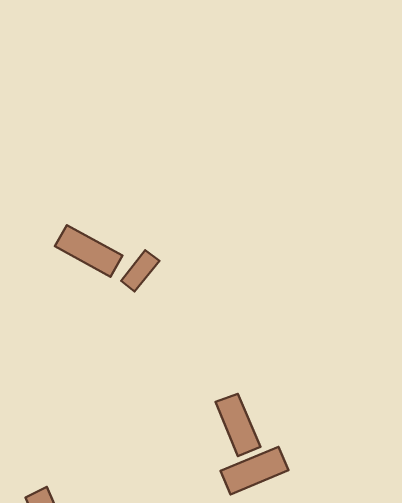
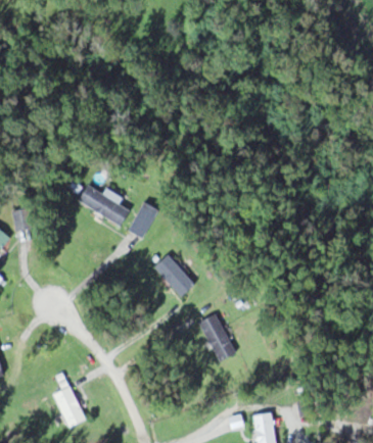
building: none -> [153,254,195,297]
building: [221,447,289,494] -> none

